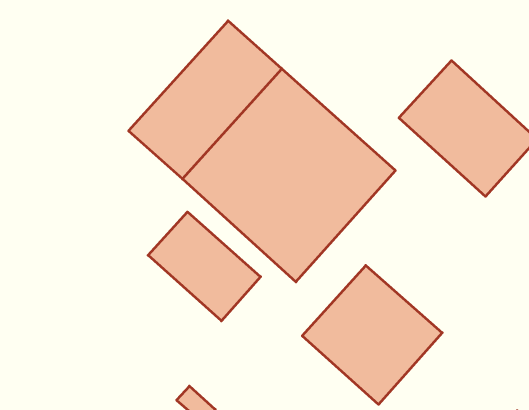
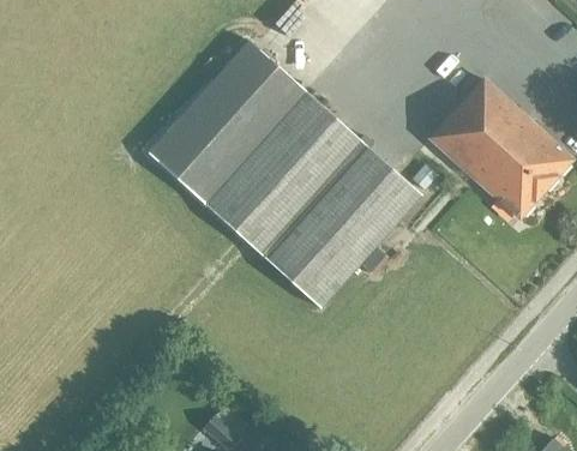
building: [148,212,261,321] -> none
building: [302,265,442,404] -> none

